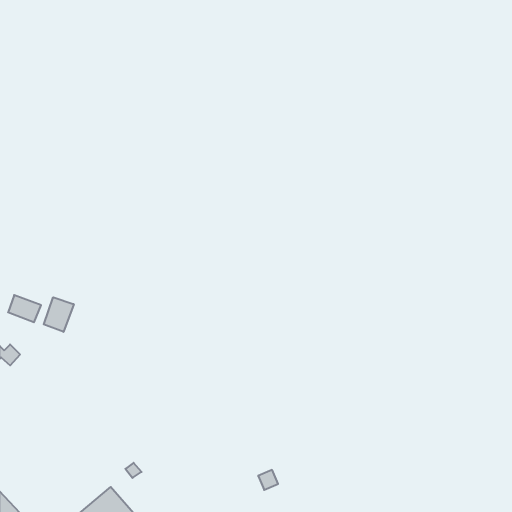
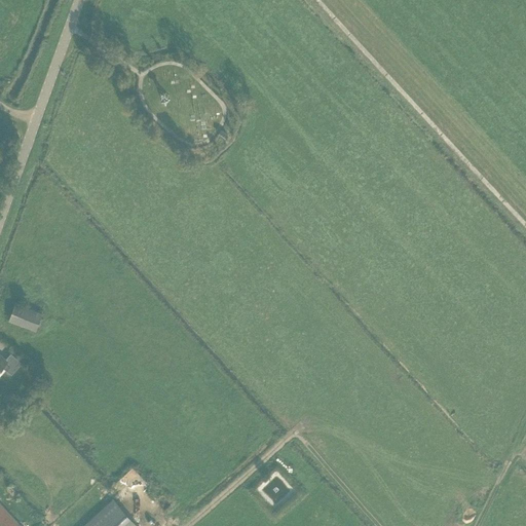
building: [44,297,74,332] -> none

